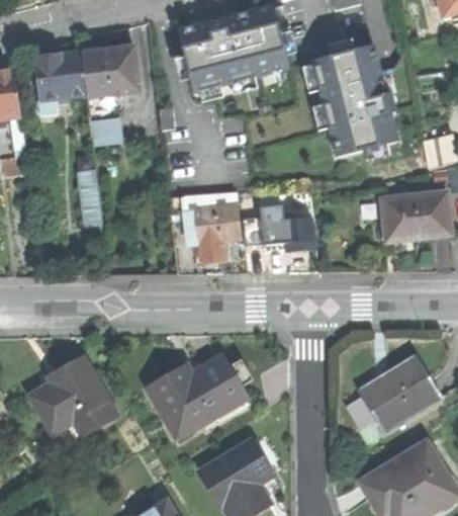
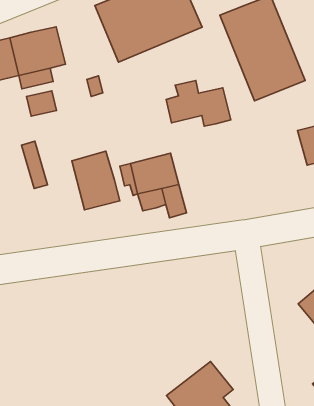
building: none -> [72,151,120,210]
building: [246,201,313,253] -> [166,81,231,126]
building: [29,356,115,432] -> none
building: [146,356,243,436] -> none

